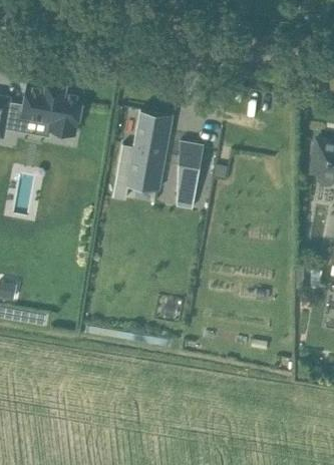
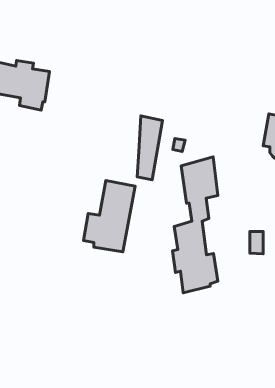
building: [116,112,172,188] -> [83,180,135,252]
building: none -> [173,157,218,293]

